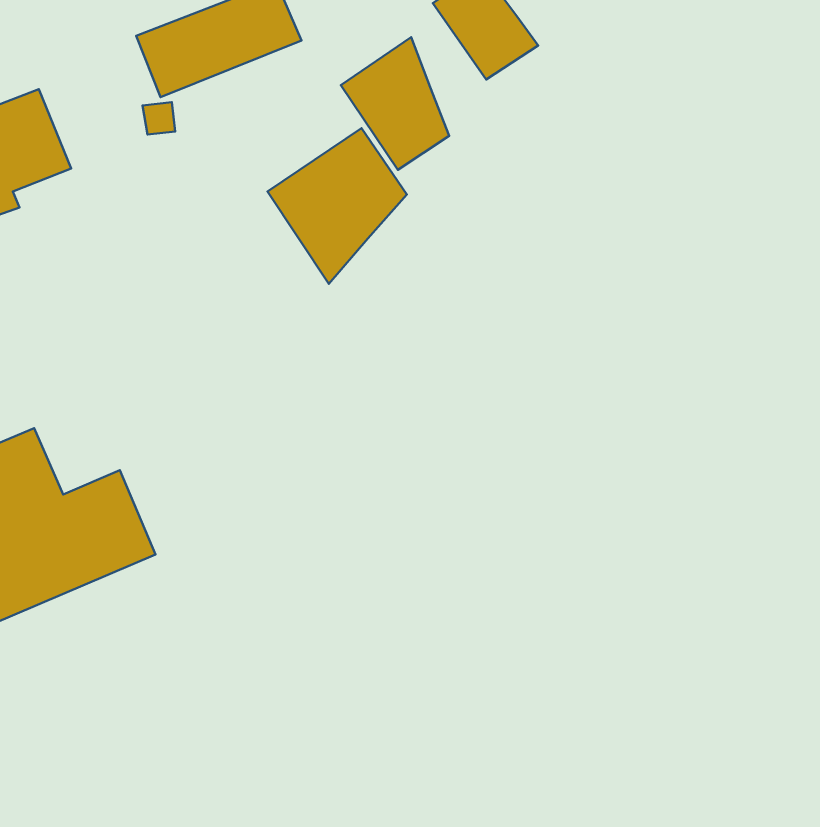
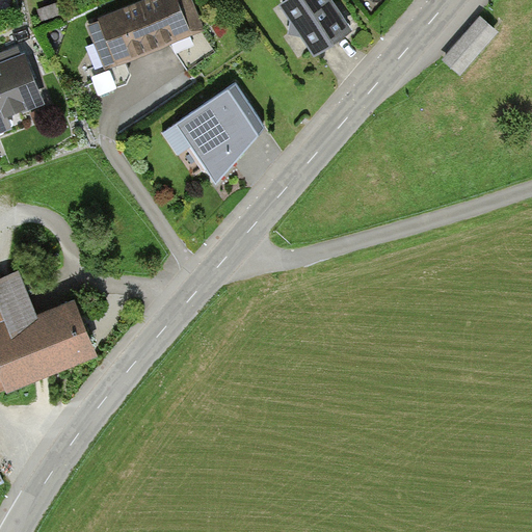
building: none -> [441,16,496,75]
building: [341,37,449,170] -> none

